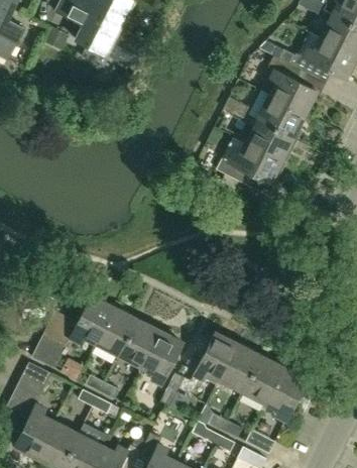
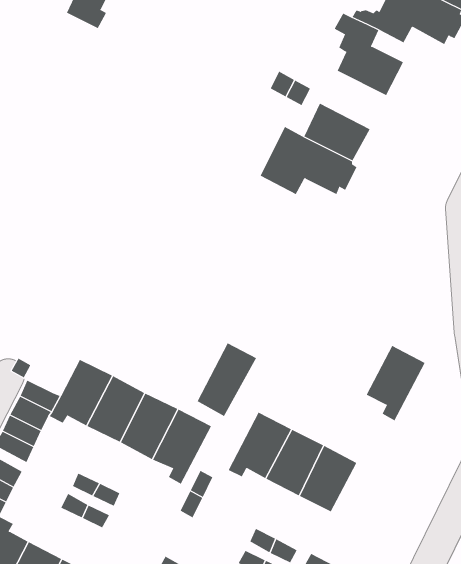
building: [257,96,304,136] -> none
building: none -> [197,343,257,417]
building: [265,367,307,420] -> [366,345,425,421]

